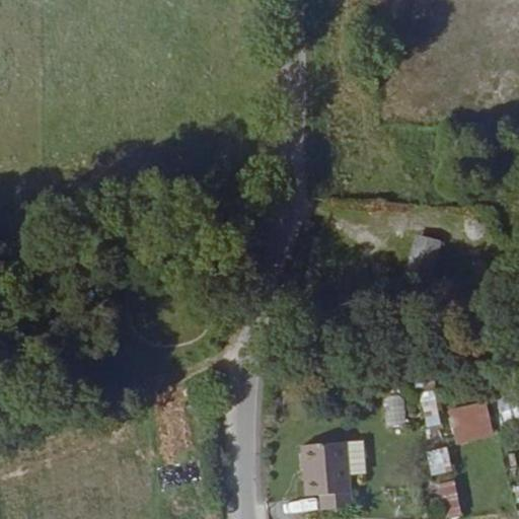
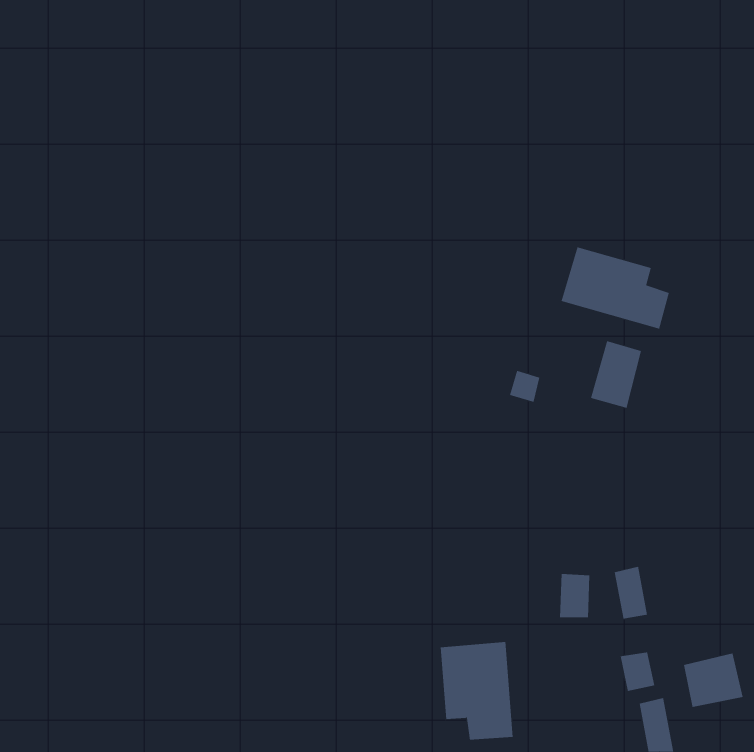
building: none -> [561,246,669,329]
building: [451,402,493,440] -> [683,653,744,708]

